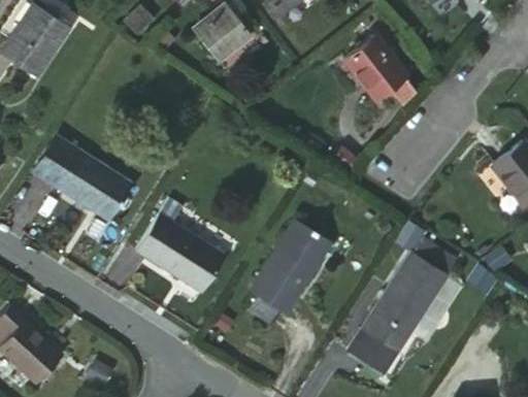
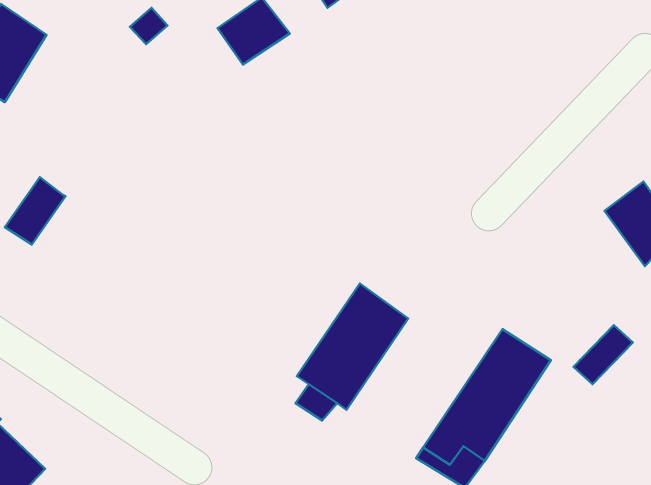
building: [343,31,405,97] -> none
building: [52,152,128,224] -> none
building: [139,208,228,290] -> none

